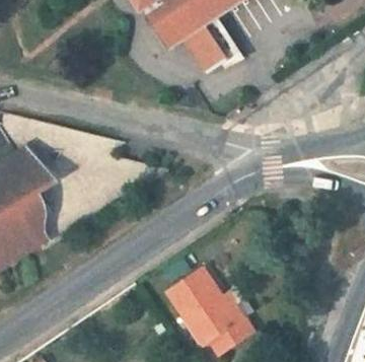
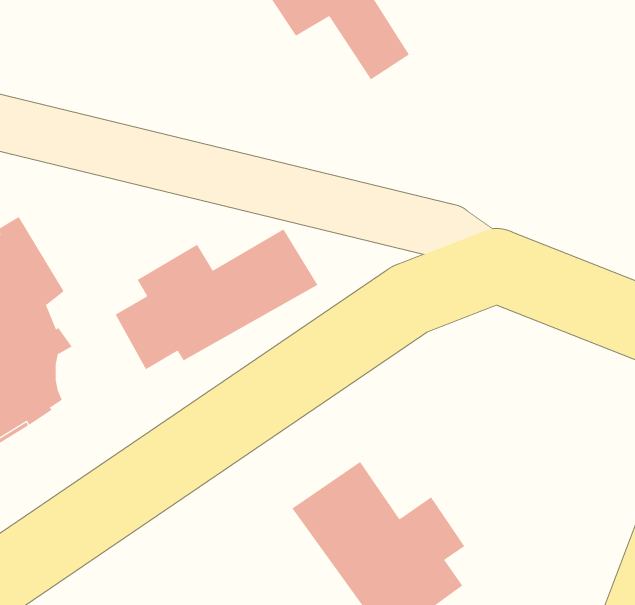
building: none -> [115,229,318,370]

